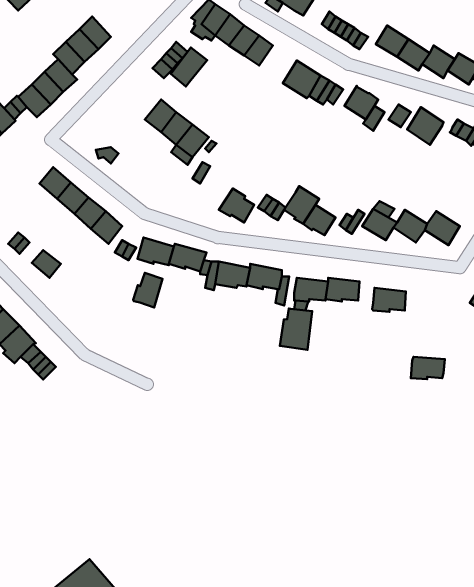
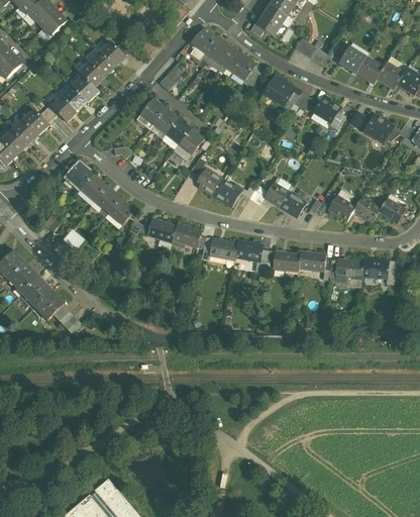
building: [171,48,207,86] -> [136,97,166,128]
building: none -> [197,170,223,196]
building: [133,273,163,307] -> none
building: [280,308,312,350] -> none
building: [411,357,445,379] -> [361,258,389,277]

